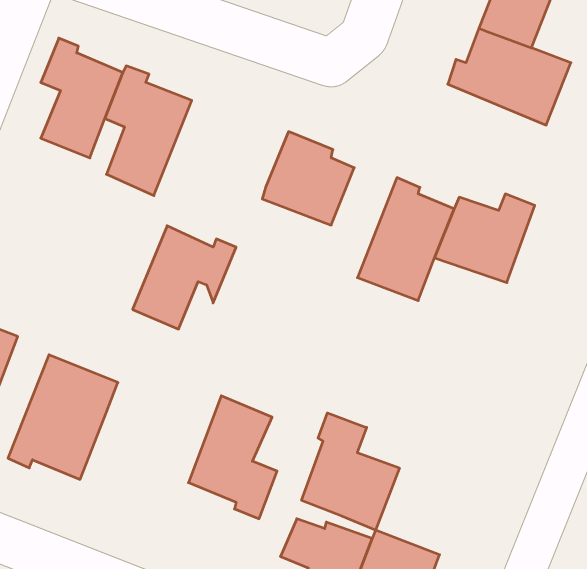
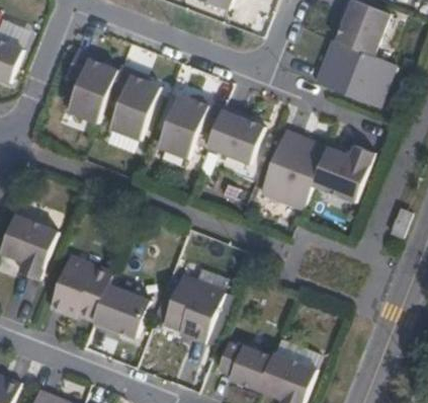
building: [133,226,236,329] -> [157,92,221,156]
building: none -> [90,278,148,335]
building: [302,413,399,530] -> none

